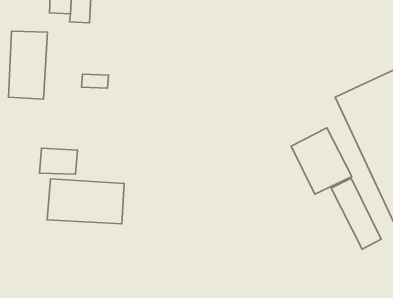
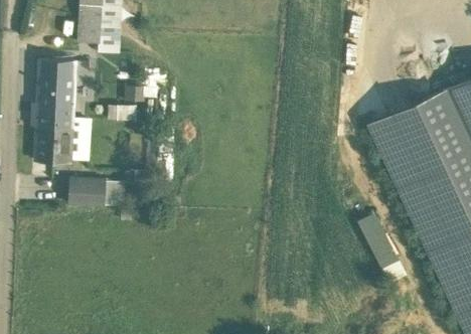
building: none -> [37,127,73,162]
building: [291,128,352,194] -> none
building: [47,179,124,224] -> none

